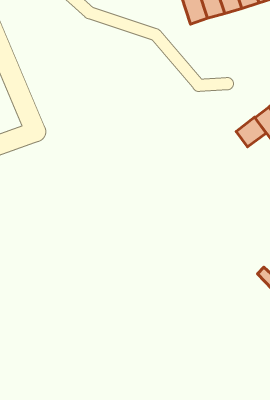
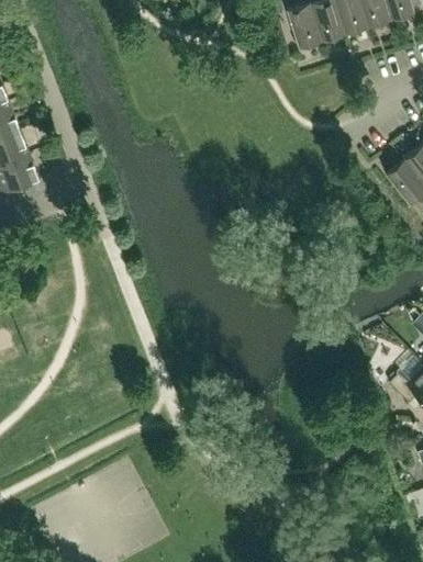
building: [236,117,266,147] -> none

